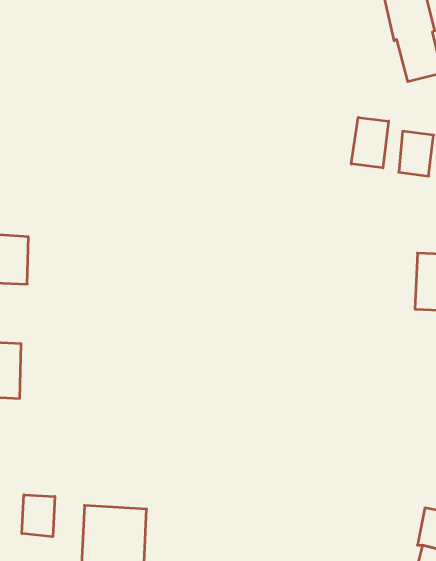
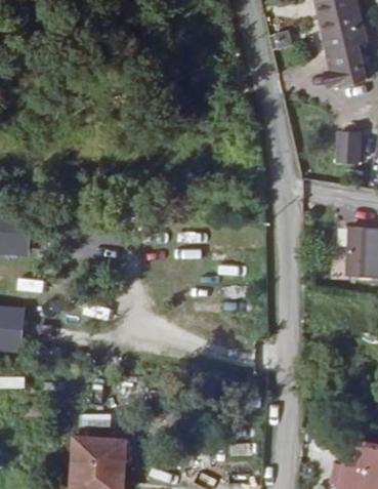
building: [351,117,389,168] -> none
building: [22,495,55,537] -> none

